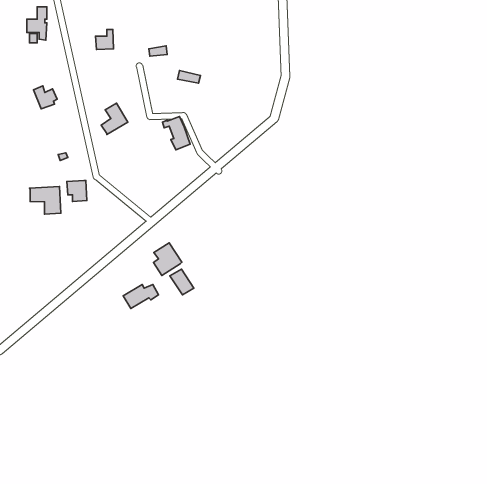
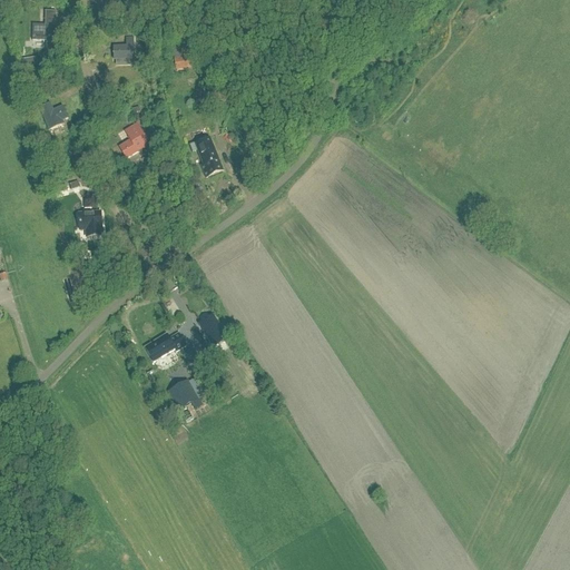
building: [29,186,61,214] -> none
building: [153,243,182,276] -> none
building: none -> [168,379,202,409]

